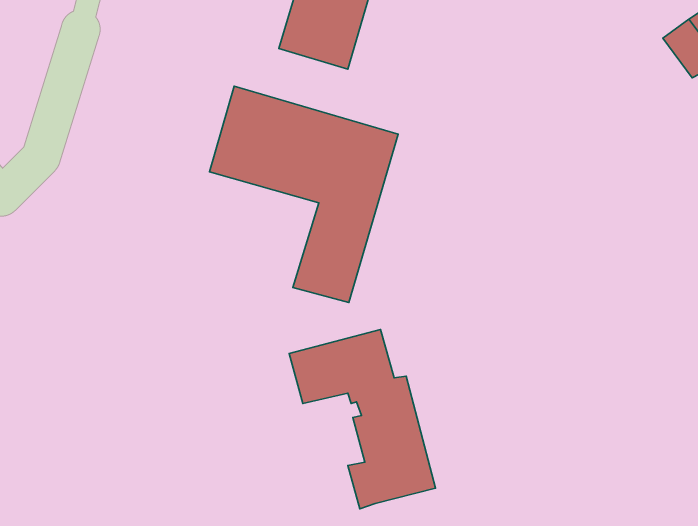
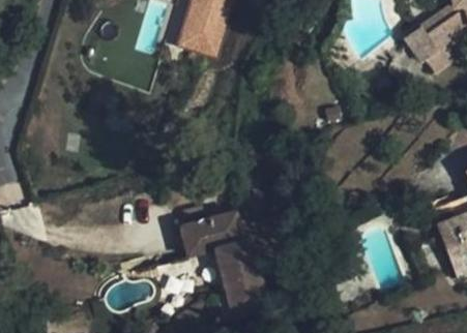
building: [209,86,398,303] -> none

